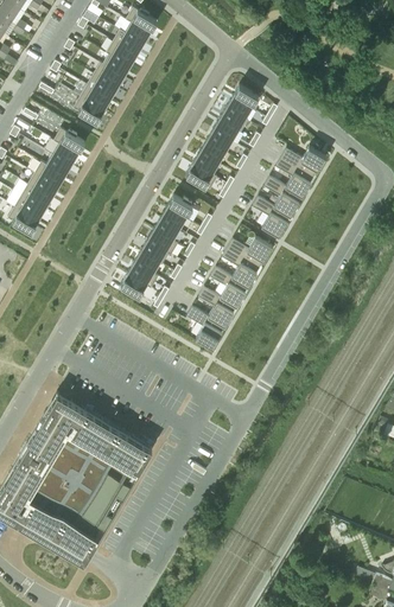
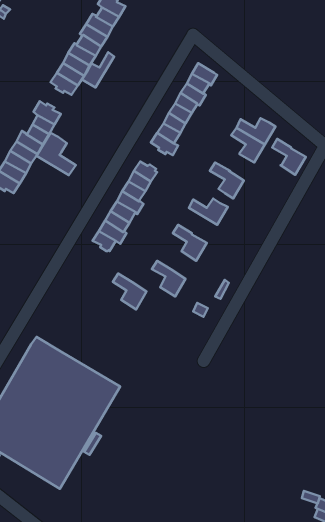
building: none -> [82,52,114,88]
building: none -> [37,133,76,175]
building: [263,177,301,217] -> [272,139,306,175]
building: [222,248,260,287] -> none
building: [198,287,236,327] -> [113,274,147,309]

